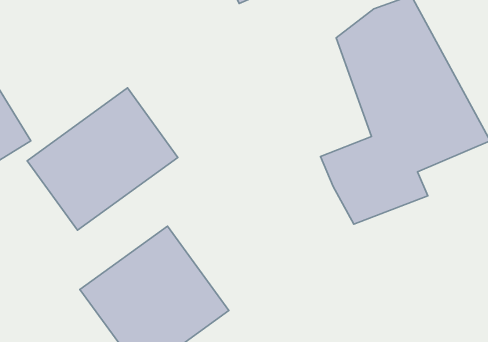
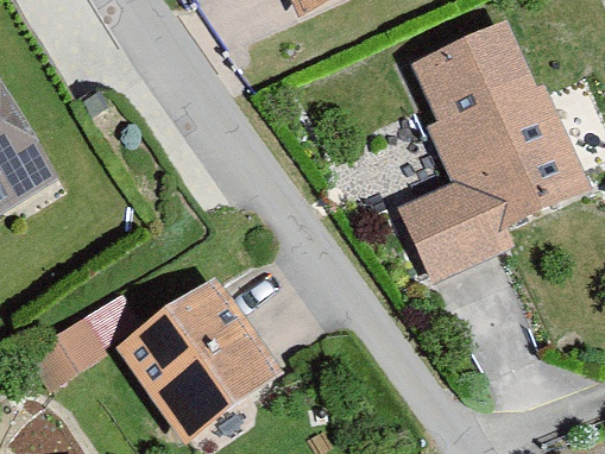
building: [27,88,178,230] -> none

